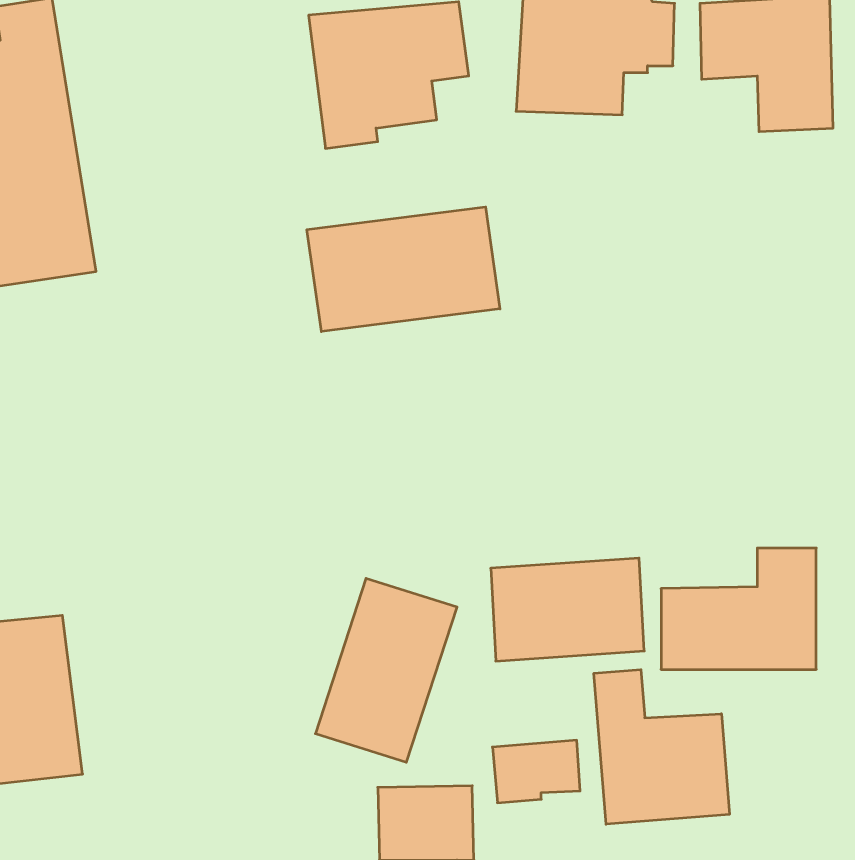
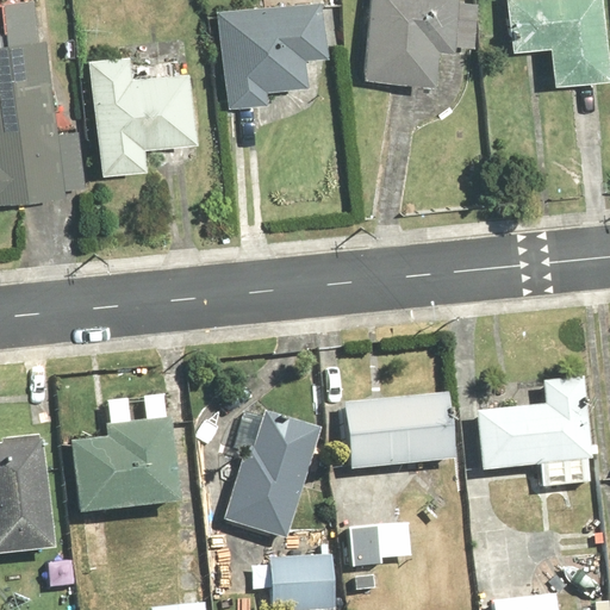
building: none -> [88,52,200,173]
building: [307,207,500,332] -> none
building: none -> [68,394,185,513]
building: [594,670,729,824] -> none

